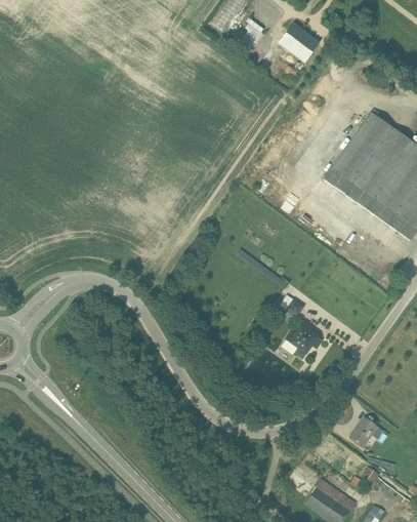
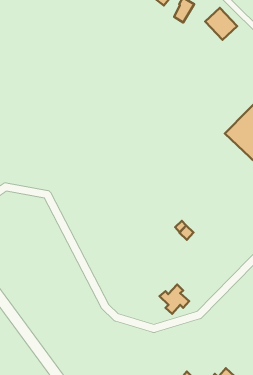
building: [285,320,322,357] -> [160,285,189,314]
building: [349,416,382,445] -> none

